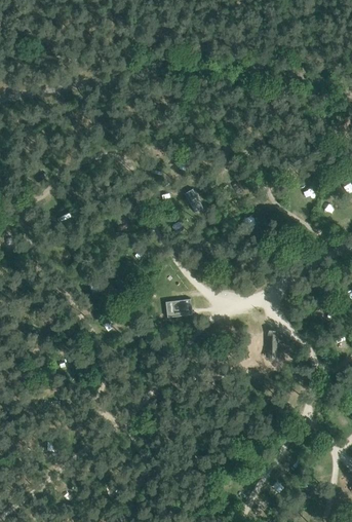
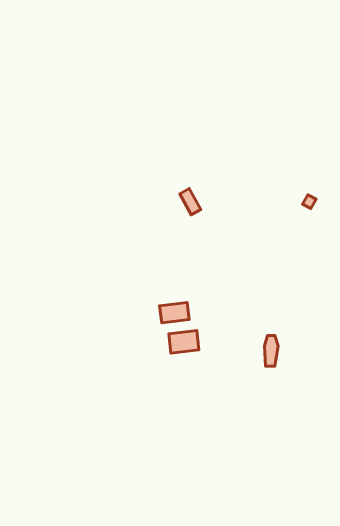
building: none -> [169,330,199,353]

